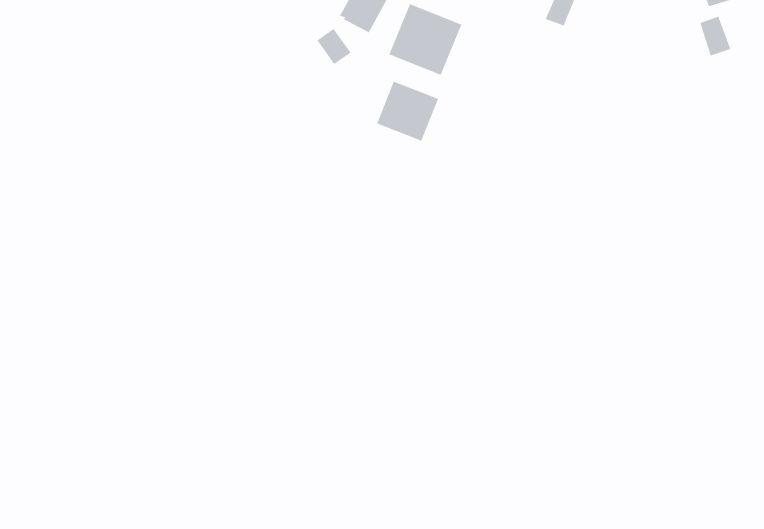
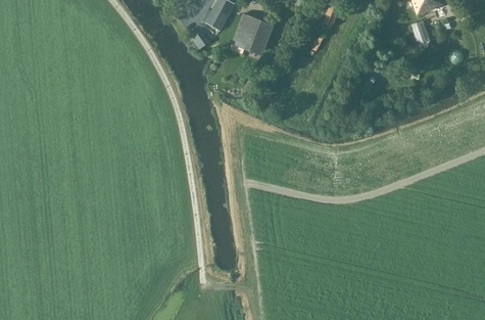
building: [376,81,439,141] -> none

